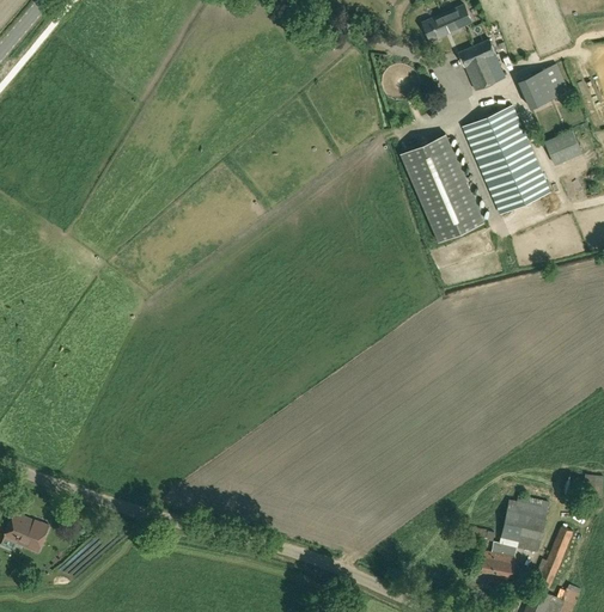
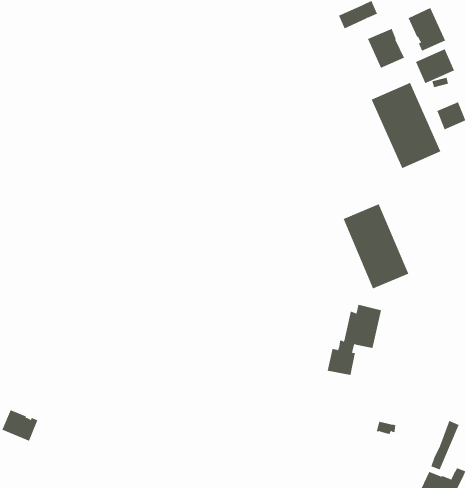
building: none -> [408,7,446,51]
building: [401,135,483,241] -> [343,204,409,289]
building: [480,496,548,585] -> [327,304,382,376]

